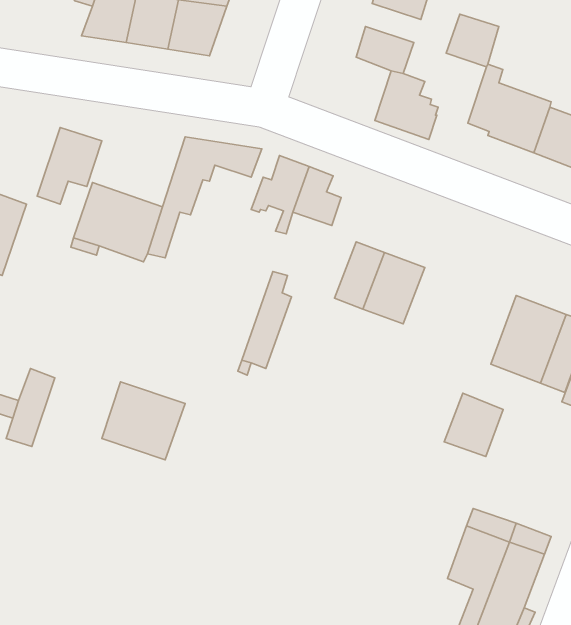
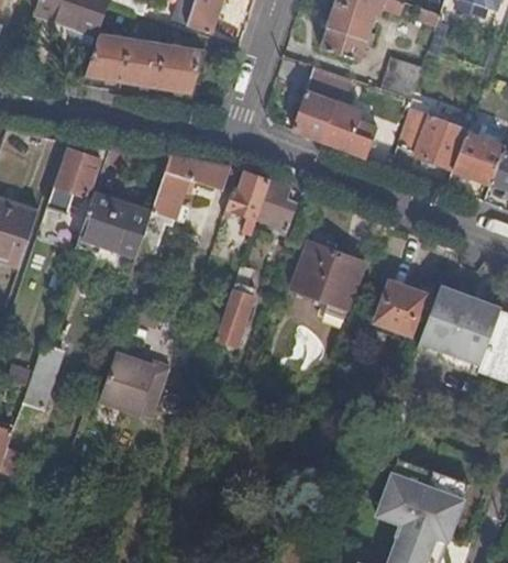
building: none -> [292,91,336,143]
building: [444,393,503,457] -> [375,282,423,333]

